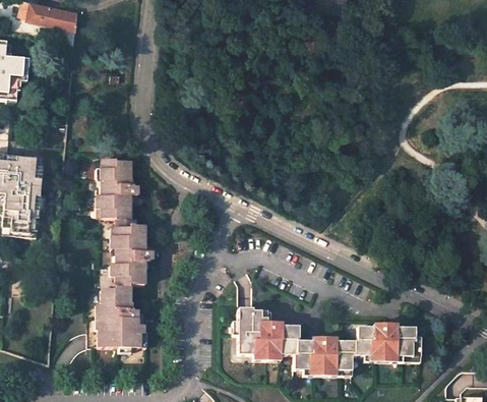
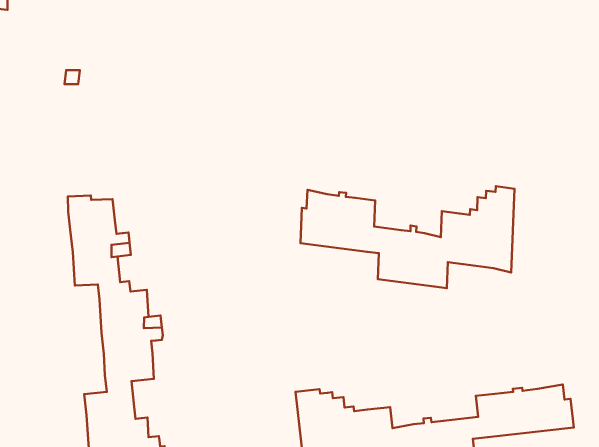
building: none -> [301,186,514,288]

